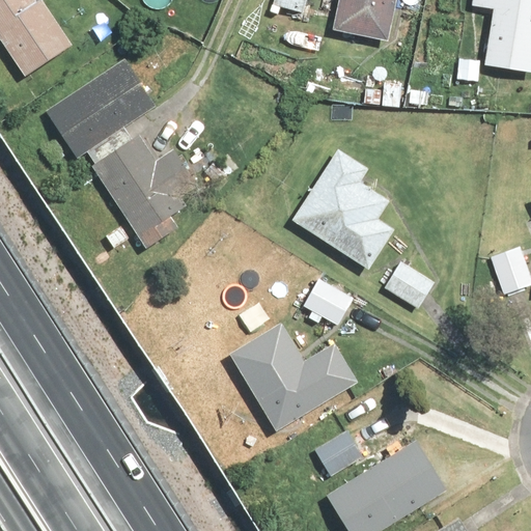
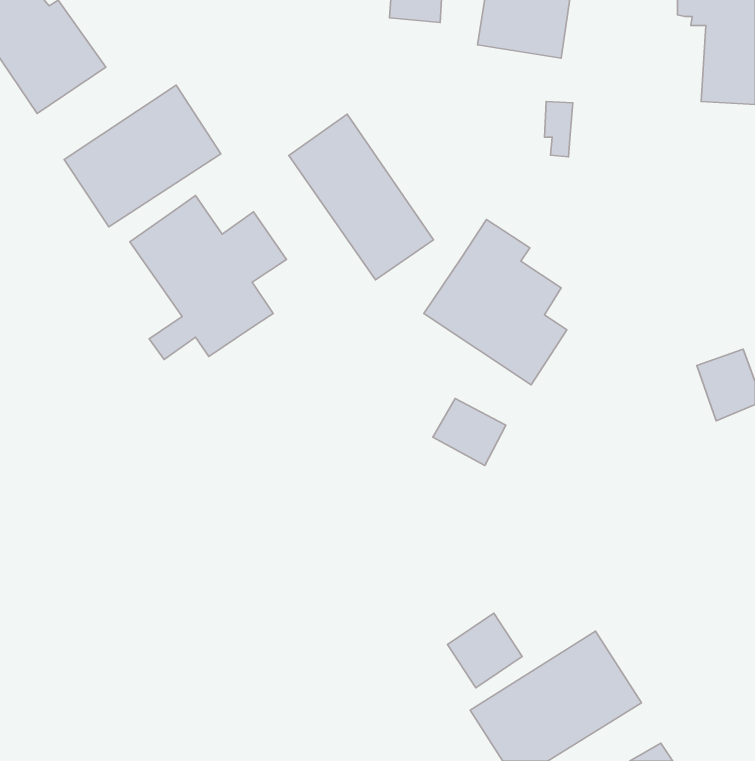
building: none -> [289,114,434,280]
building: [382,259,437,310] -> none
building: [230,325,356,429] -> none

